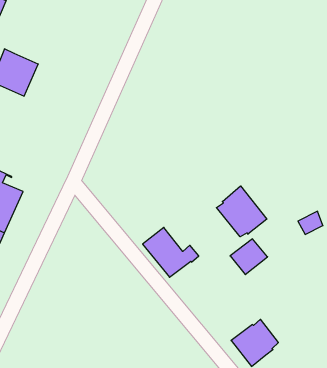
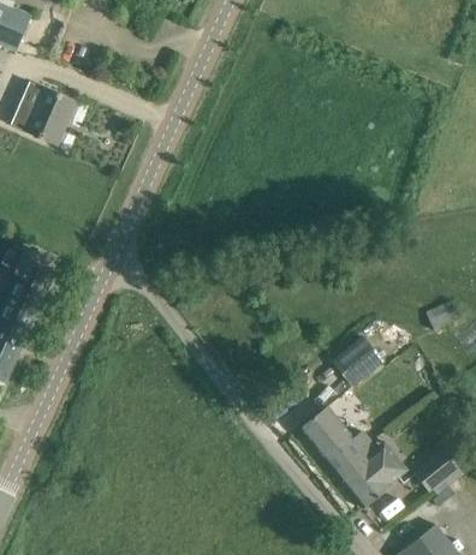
building: [216,186,267,237] -> none
building: [143,227,199,277] -> [299,406,375,473]
building: none -> [416,449,459,490]

